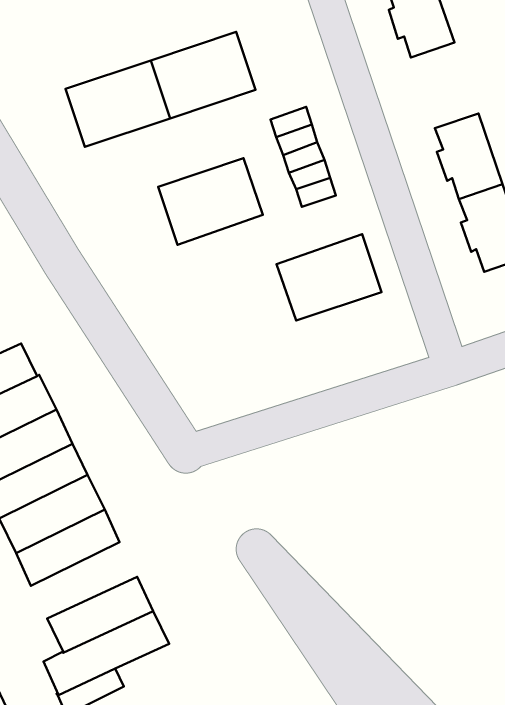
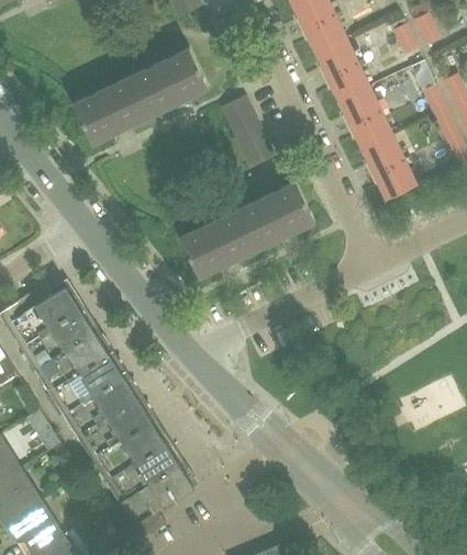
building: none -> [316,38,369,101]
building: [158,158,263,245] -> [180,211,257,278]
building: none -> [91,421,166,482]

